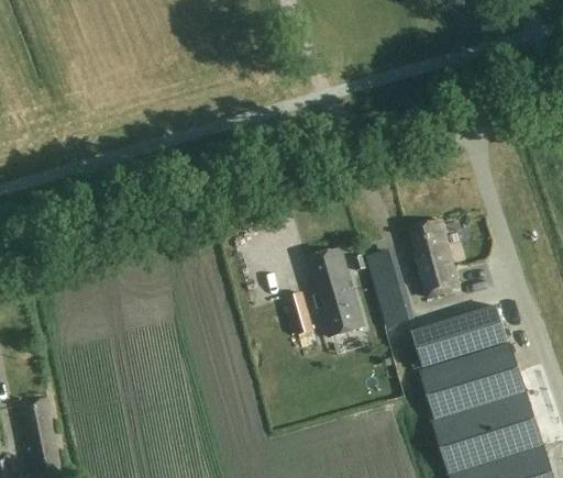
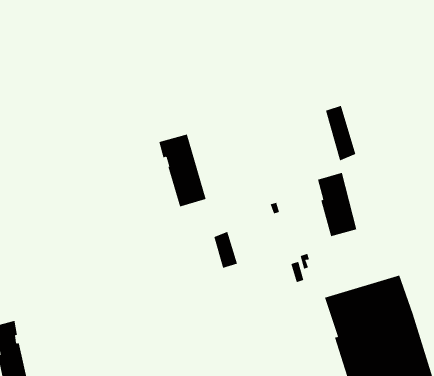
building: [306,247,364,336] -> [158,134,207,207]
building: [367,251,405,319] -> [325,105,356,161]
building: [411,304,508,367] -> none

